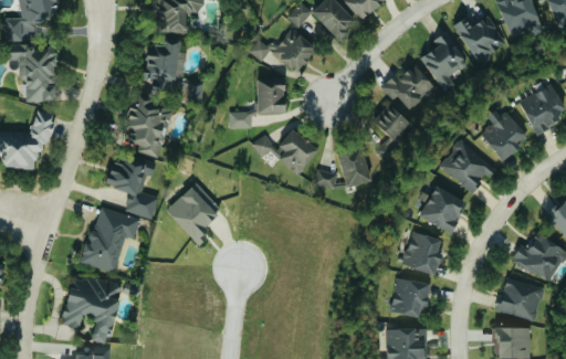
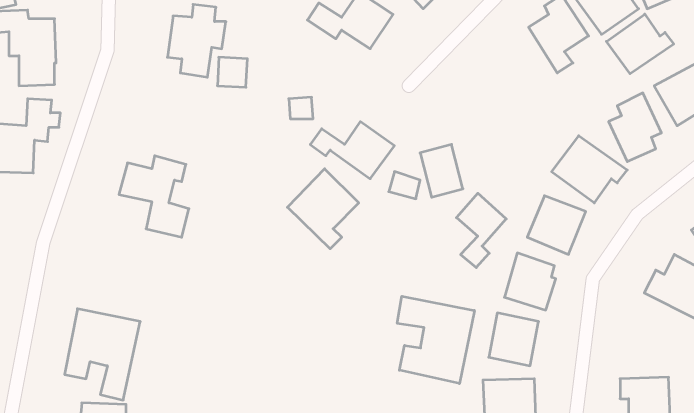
building: none -> [606,14,674,74]
building: [380,64,434,109] -> none
building: [256,76,285,114] -> none
building: [125,95,174,158] -> none
building: [371,104,410,161] -> [456,193,506,268]
building: [166,182,221,244] -> [287,169,359,249]
building: [82,207,139,272] -> none
building: none -> [397,296,474,384]
building: [496,277,544,320] -> none

